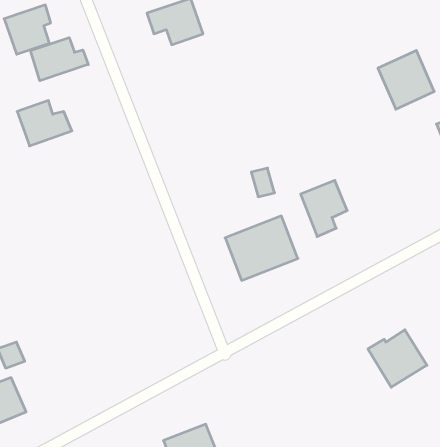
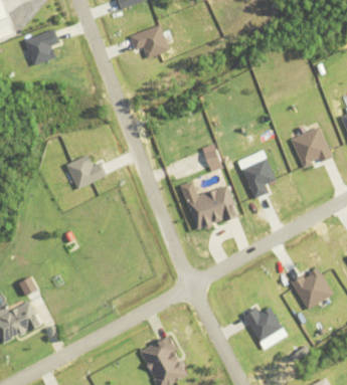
building: [30,38,88,81] -> none
building: [378,50,434,109] -> [291,126,332,169]
building: [17,101,72,146] -> [66,155,107,188]
building: none -> [241,306,283,342]

